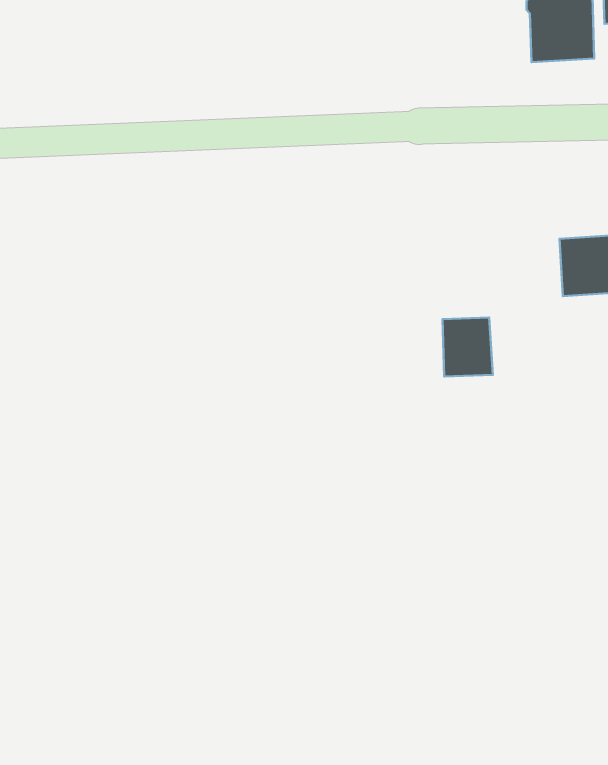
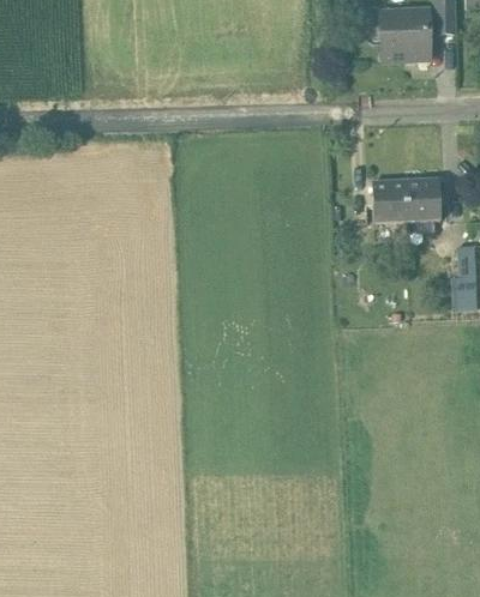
building: [442,317,493,376] -> [372,180,407,221]

